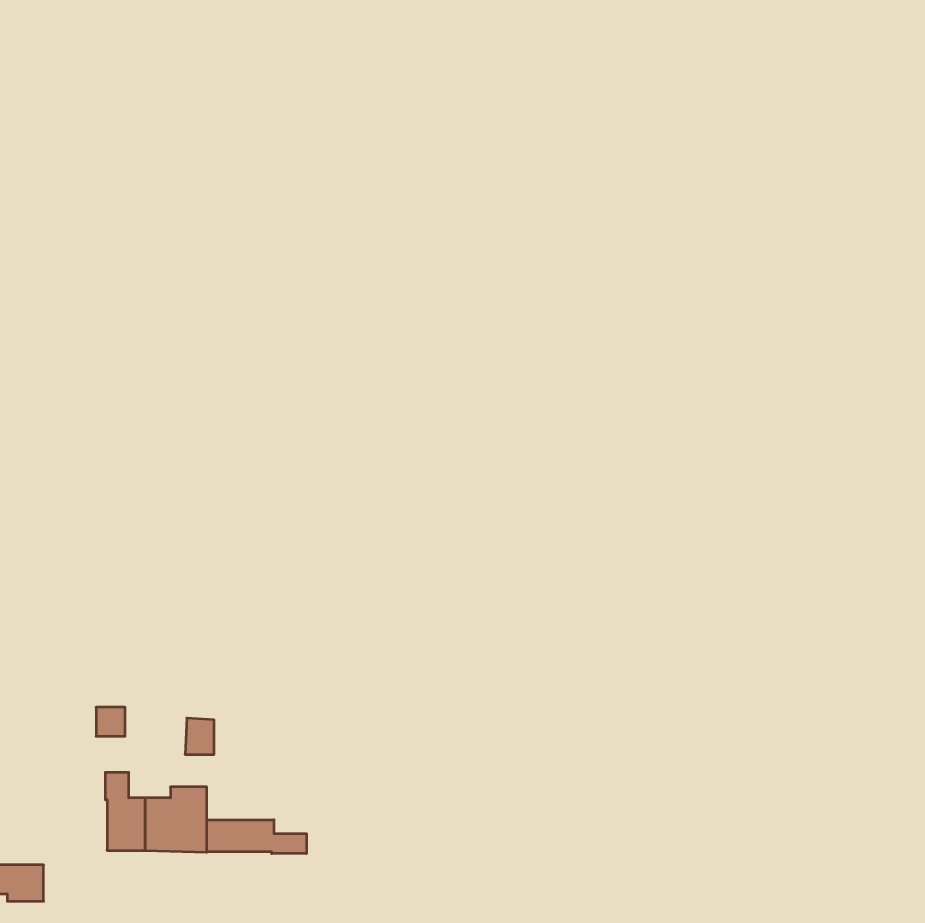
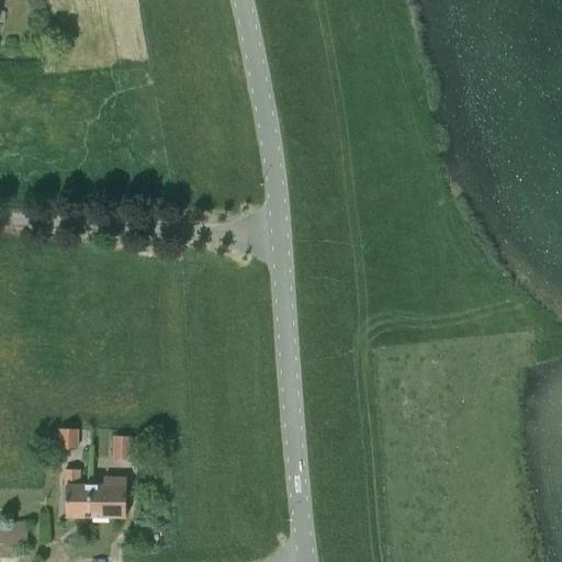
building: [207,820,306,854] -> none

